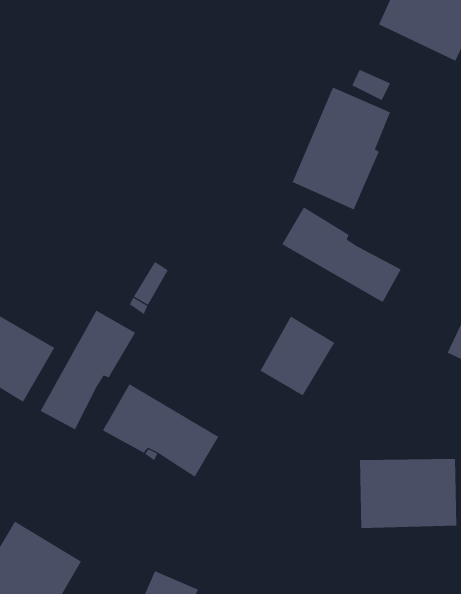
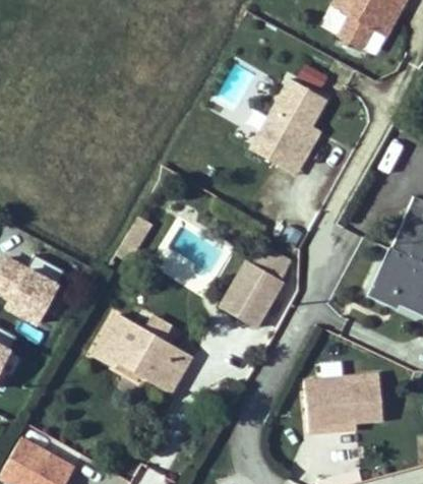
building: [281,206,402,303] -> none
building: [40,310,136,430] -> none

